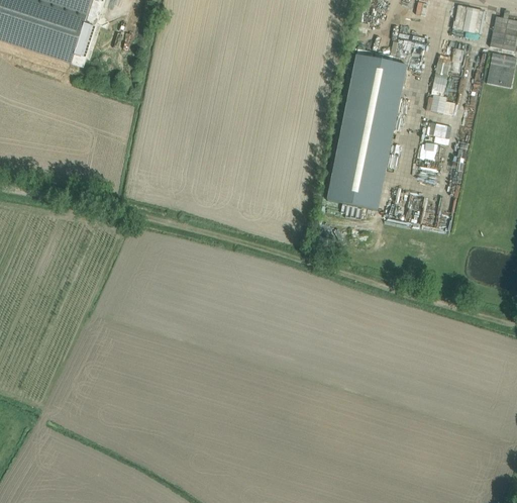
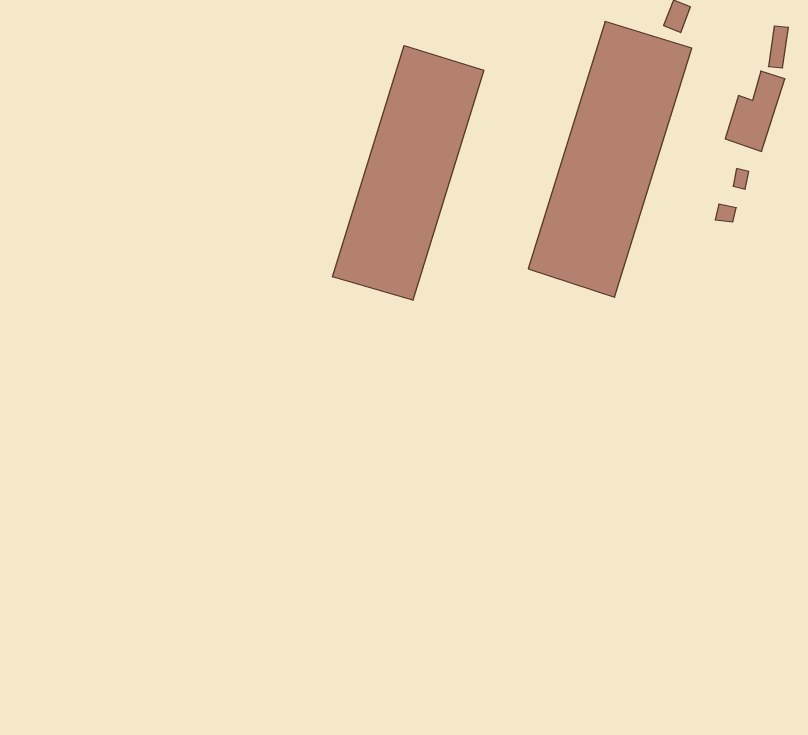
building: none -> [333,46,484,300]

